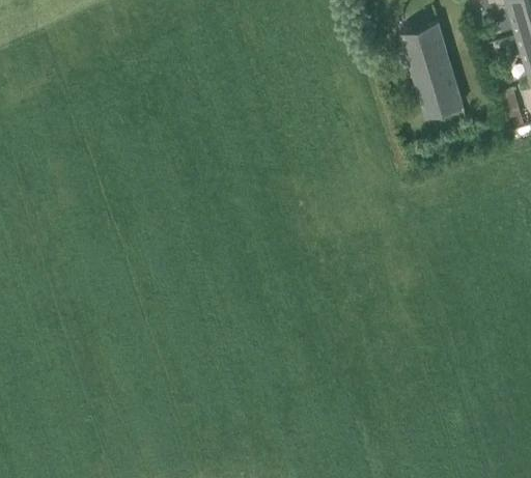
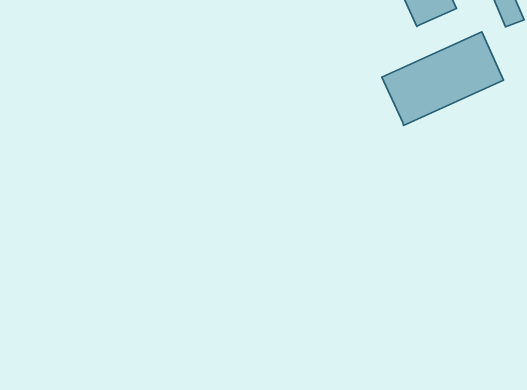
building: none -> [382,32,504,125]

